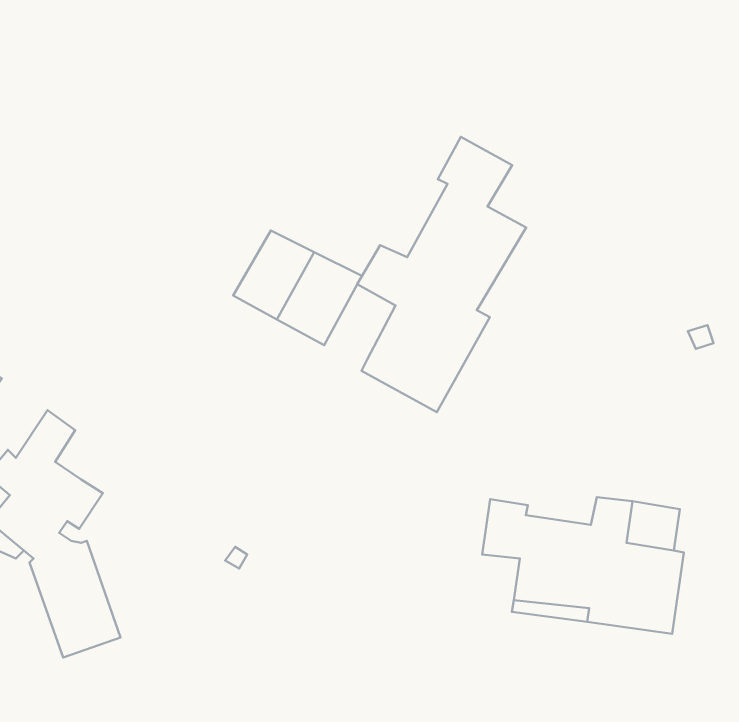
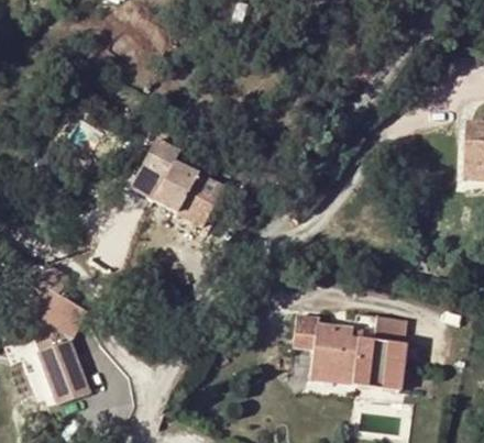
building: [357,137,526,412] -> none
building: none -> [133,154,176,202]

